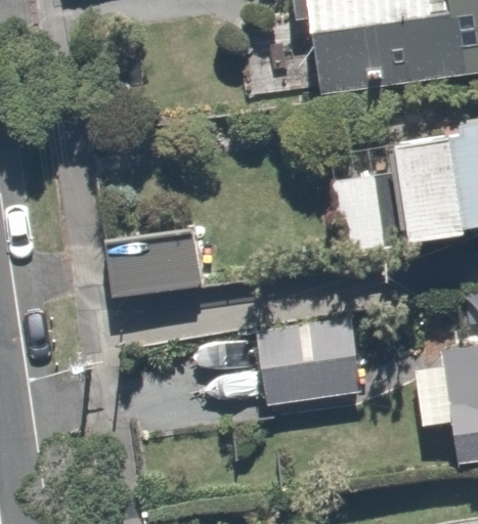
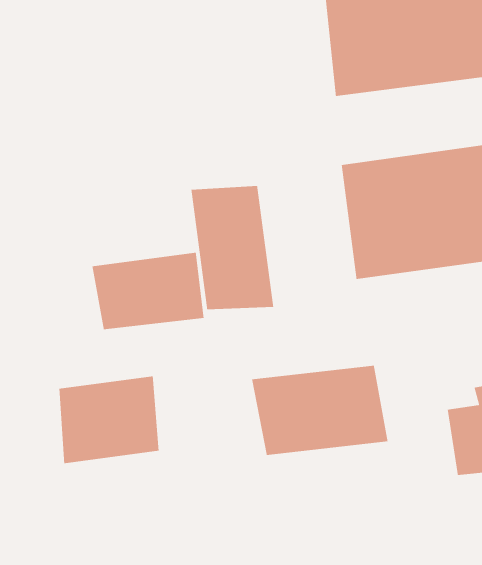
building: none -> [190,185,274,310]
building: none -> [58,375,159,464]

